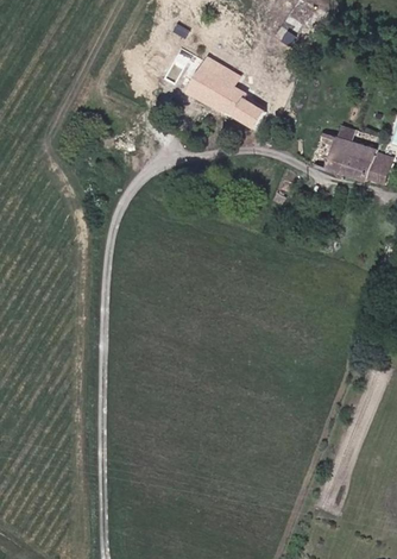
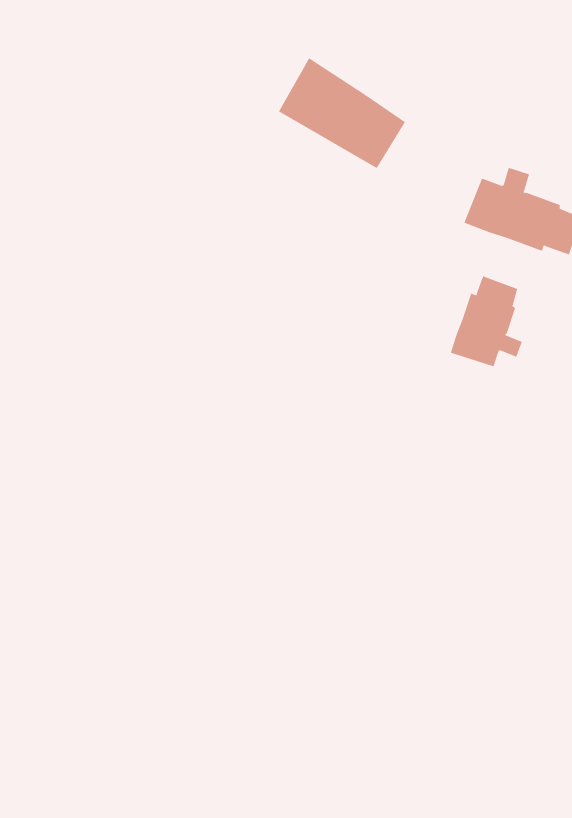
building: none -> [450,275,523,367]

